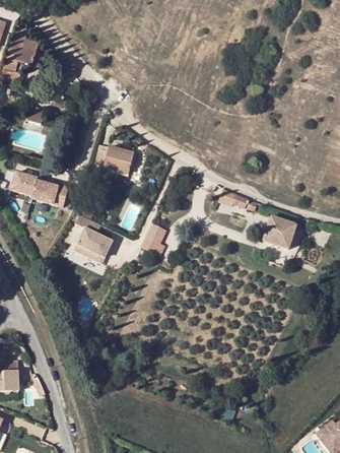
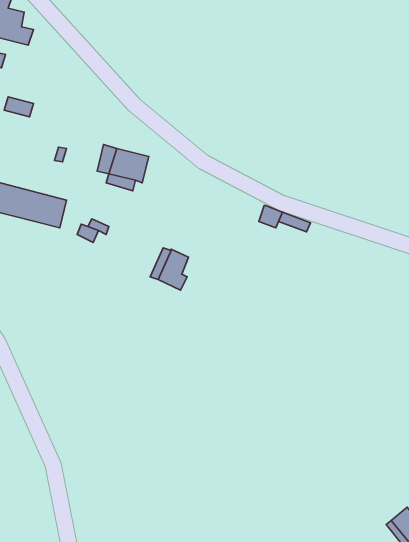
building: [263,215,296,249] -> none
building: [74,226,116,265] -> none

